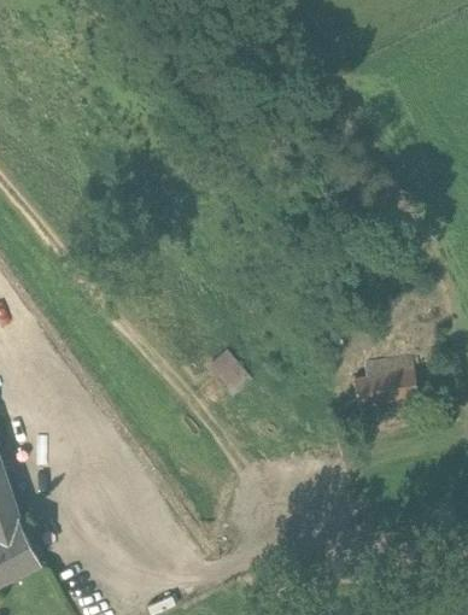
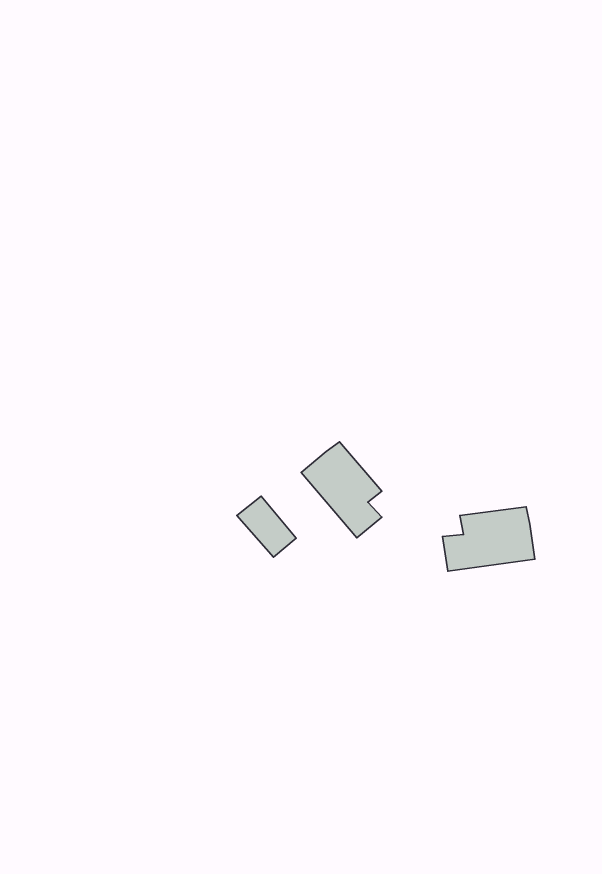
building: none -> [301,442,382,538]

